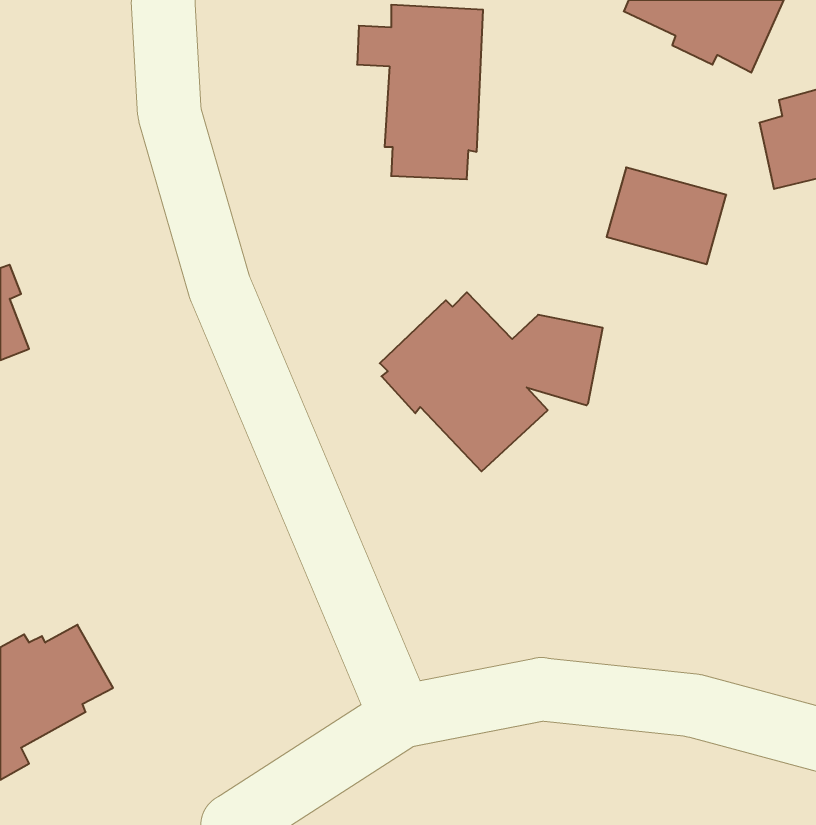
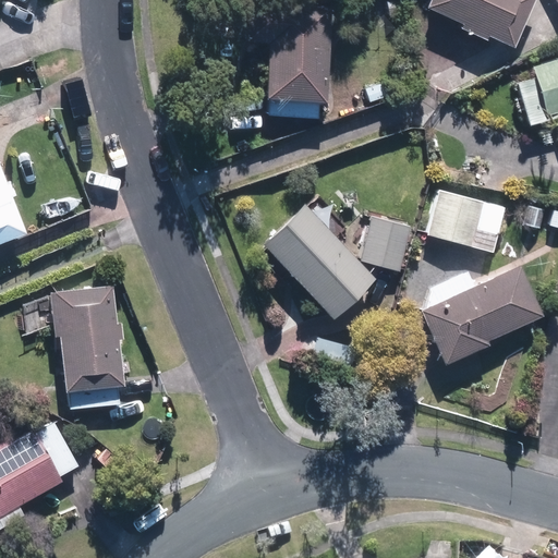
building: [607,167,726,264] -> [427,189,508,254]
building: none -> [421,266,542,366]
building: none -> [50,284,125,392]

